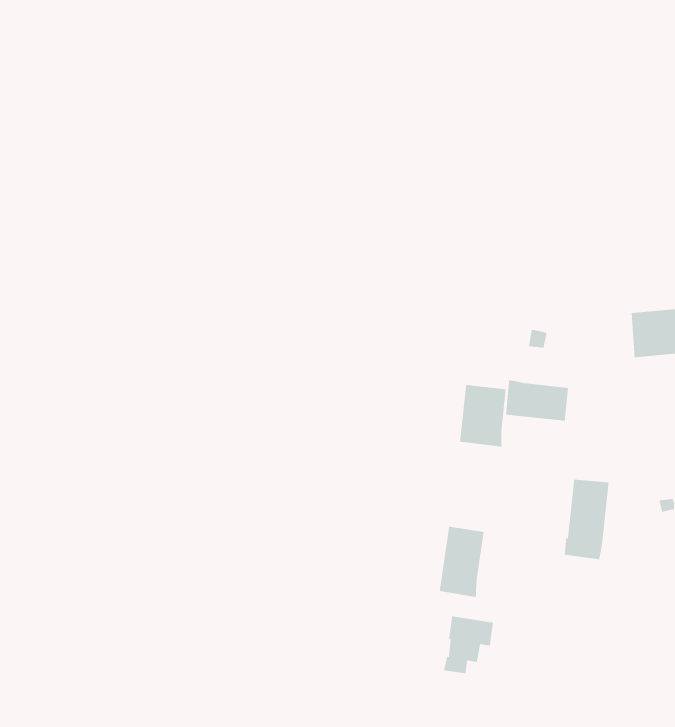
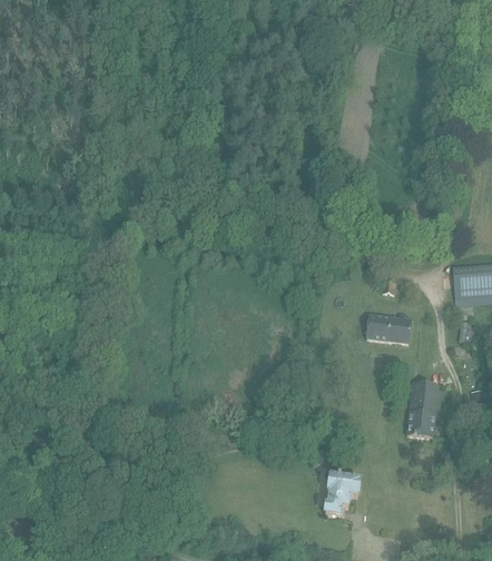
building: [459,384,507,447] -> none
building: [439,526,484,598] -> none

